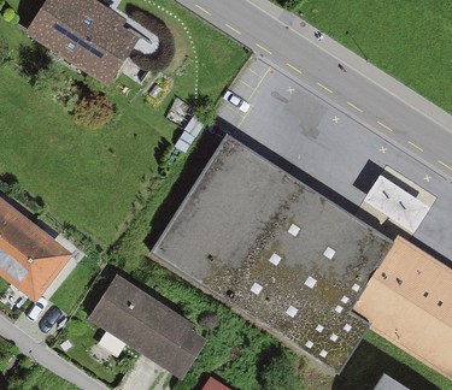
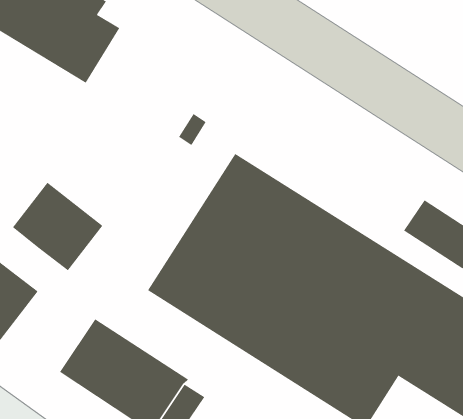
building: none -> [12,182,103,271]

